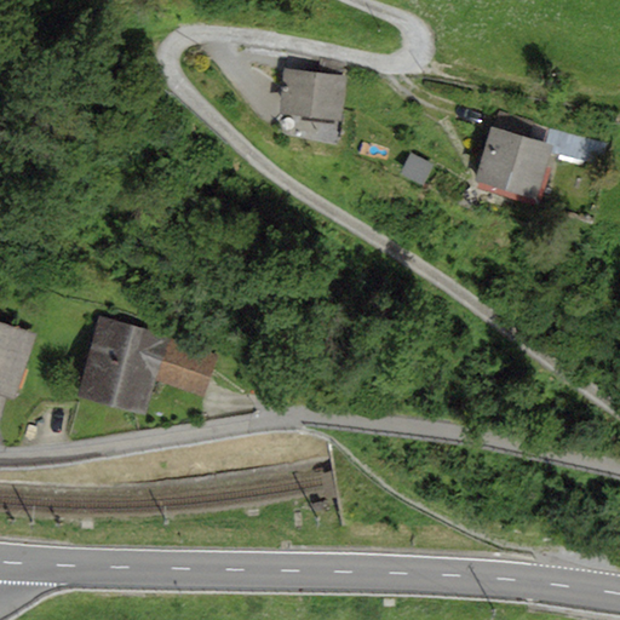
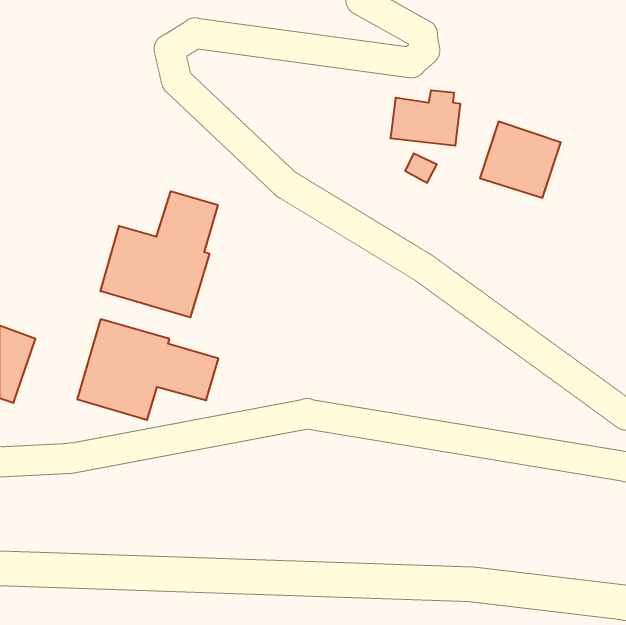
building: [280,61,349,115] -> [390,90,460,146]
building: none -> [100,191,218,317]

